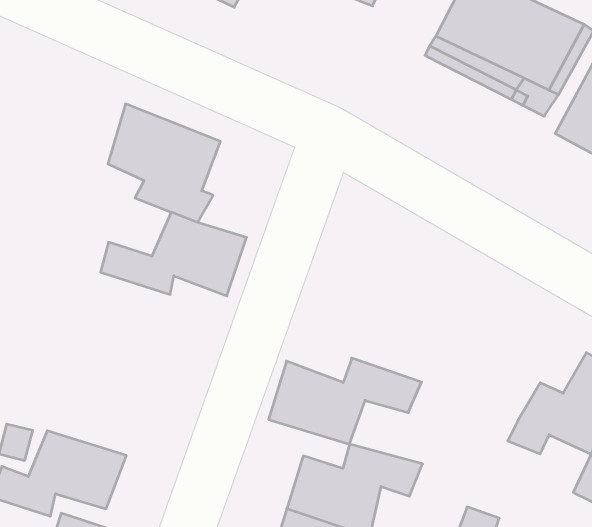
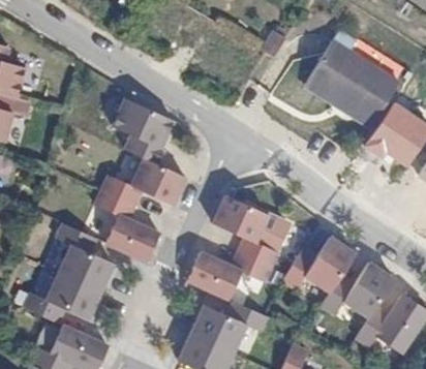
building: none -> [213,194,280,270]
building: none -> [94,189,163,266]
building: none -> [287,236,361,297]
building: none -> [55,221,116,295]

